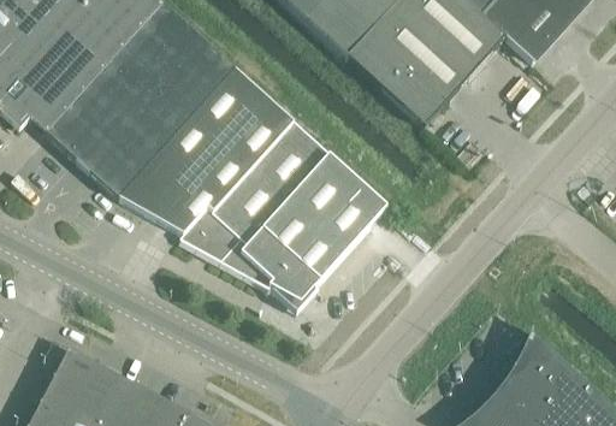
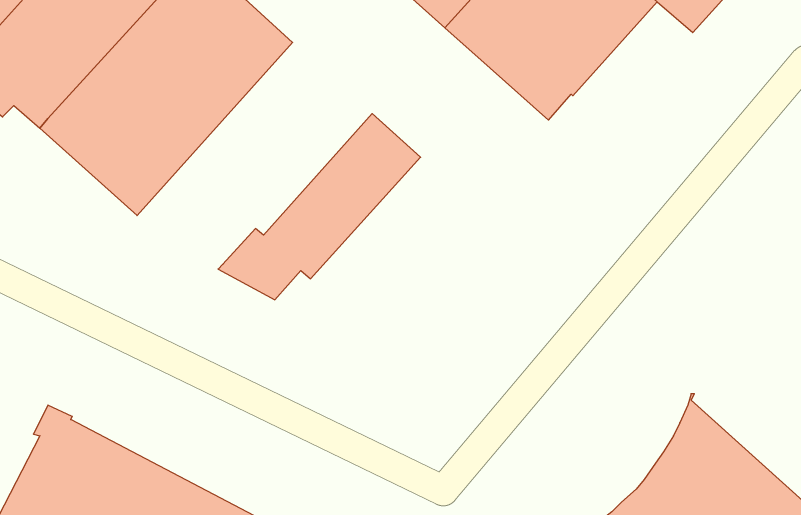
building: [119,67,294,232] -> none
building: [221,153,387,301] -> none

